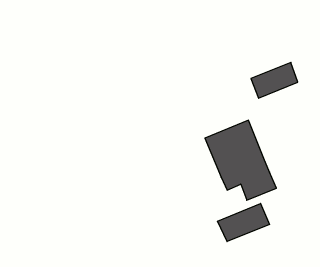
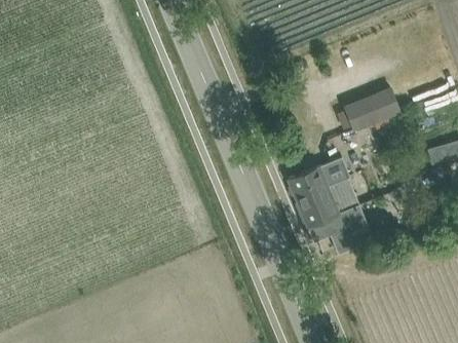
building: [217,203,270,242] -> none

